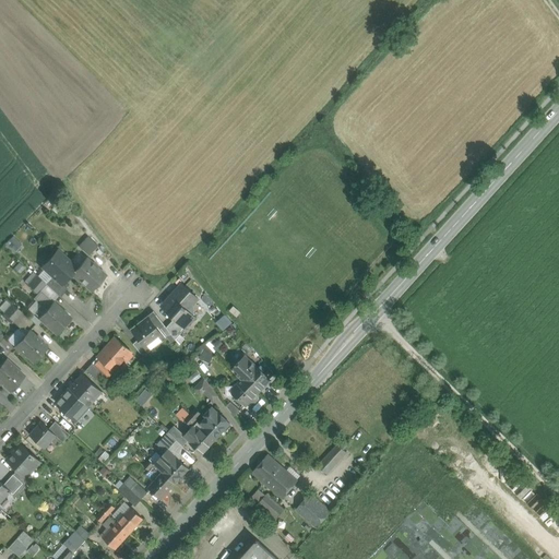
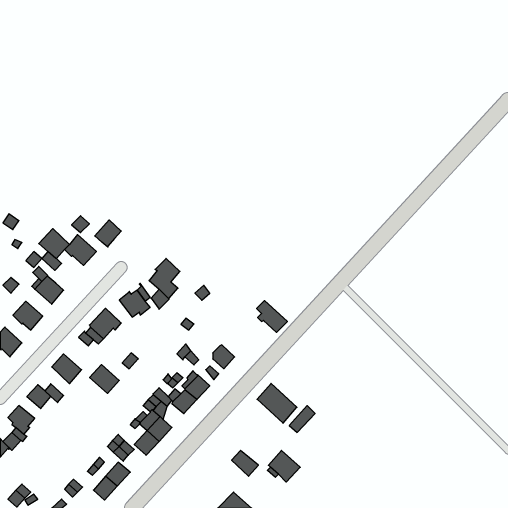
building: none -> [95,220,121,247]
building: [236,357,270,392] -> [257,301,287,332]
building: [70,374,103,406] -> [90,365,119,393]
building: [252,455,296,499] -> [257,383,297,423]

